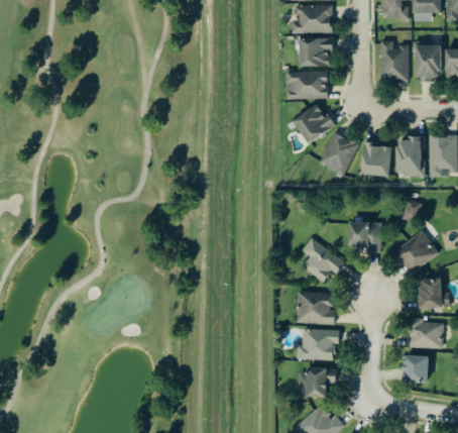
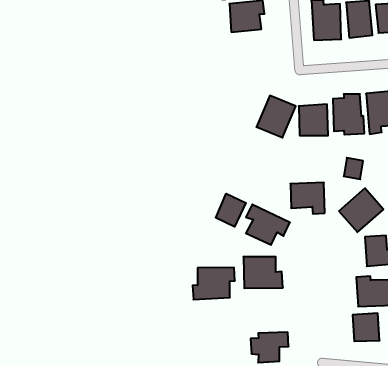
building: [285,71,328,99] -> none
building: [292,104,335,143] -> none
building: none -> [216,194,246,227]
building: [297,328,339,359] -> [193,268,235,300]

